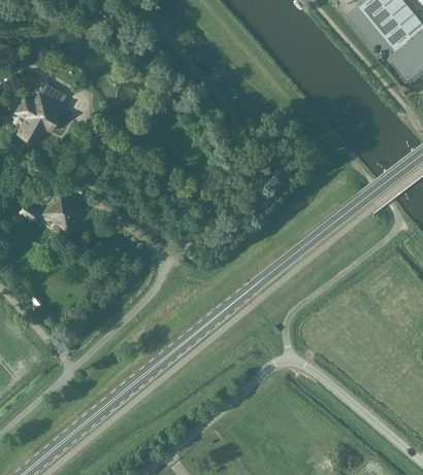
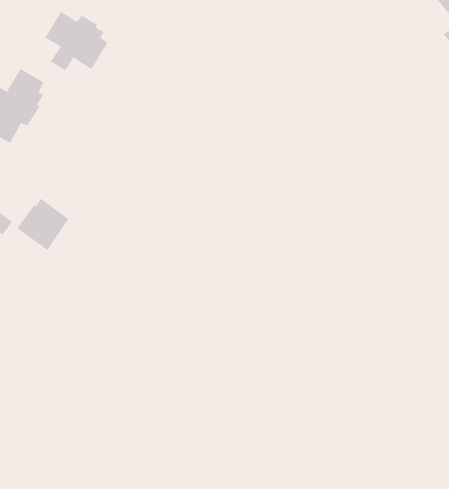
building: none -> [45,11,108,71]

